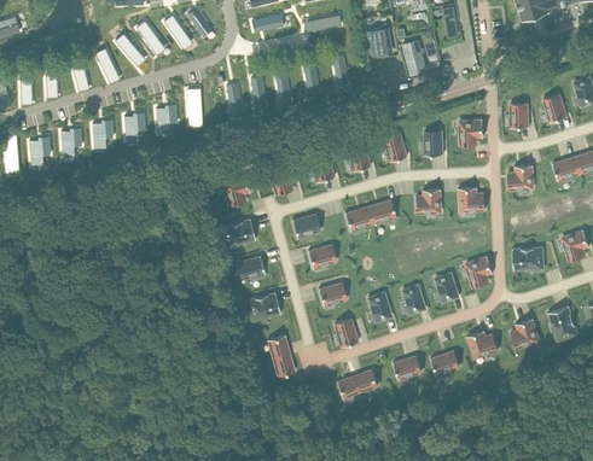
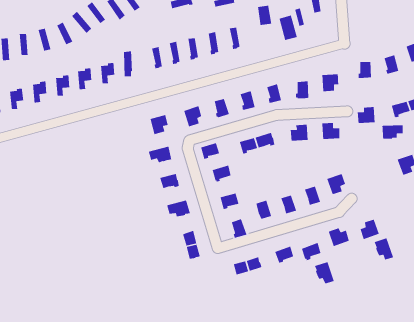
building: [512,247,542,269] -> [381,124,404,140]
building: [547,304,577,337] -> [372,237,394,261]
building: none -> [313,261,335,284]

